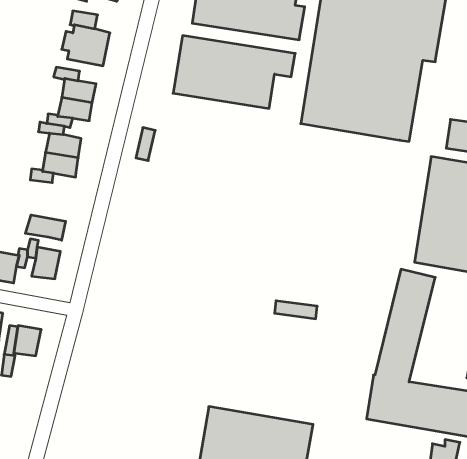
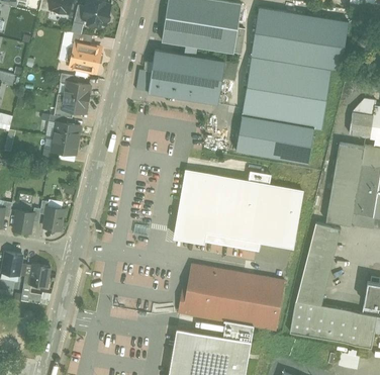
building: none -> [235,115,314,163]
building: none -> [177,168,305,248]
building: [25,215,66,240] -> none
building: none -> [178,264,284,330]

